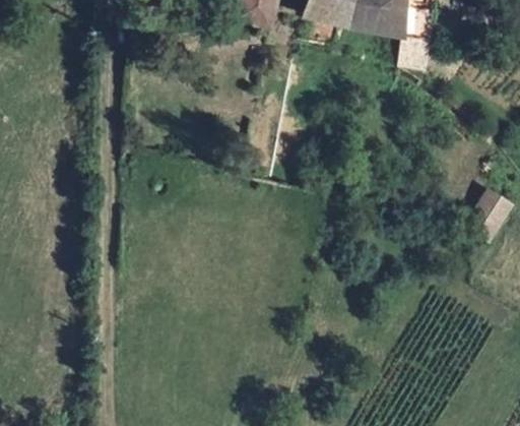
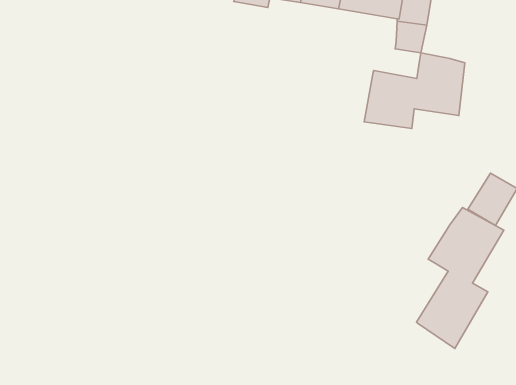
building: none -> [364,53,465,128]
building: none -> [416,208,504,348]

